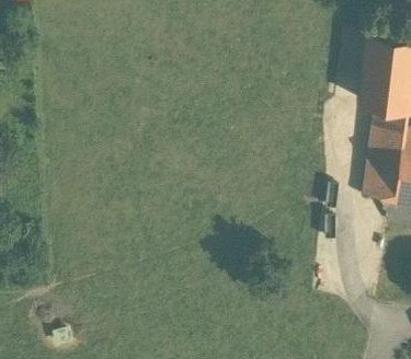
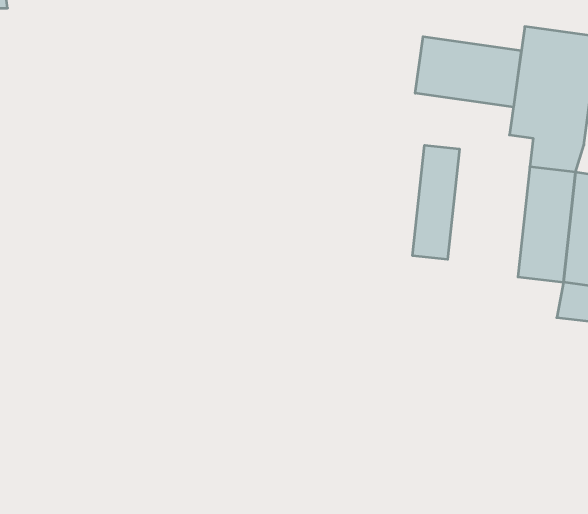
building: none -> [415,37,521,107]
building: none -> [413,145,459,259]

